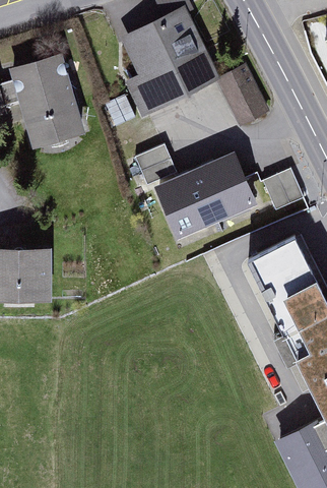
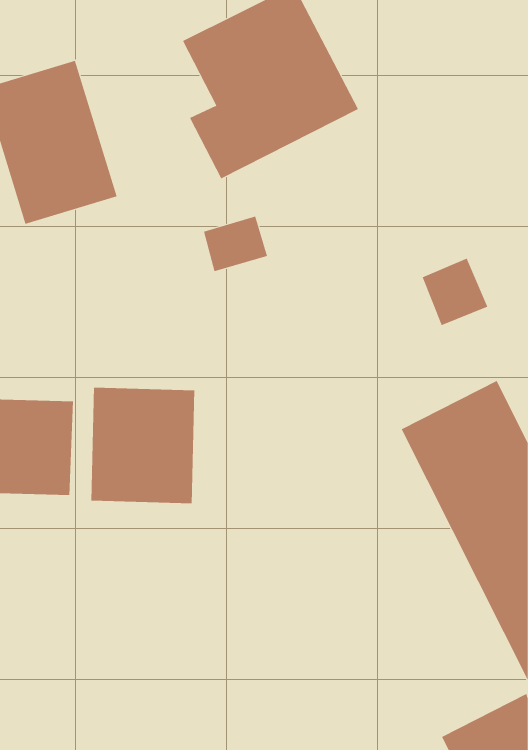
building: [152,149,265,242] -> none
building: none -> [91,387,195,504]

